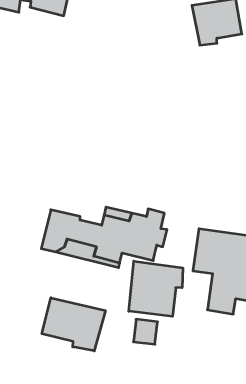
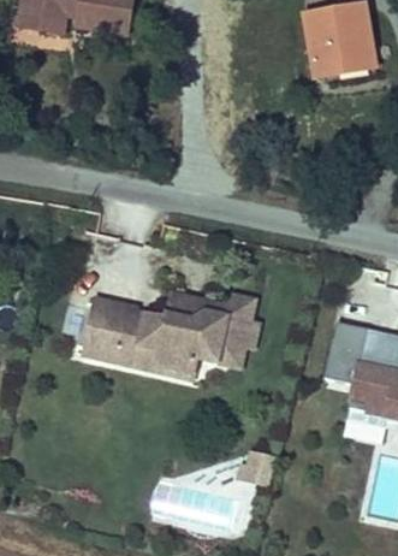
building: [129,261,183,316] -> none
building: [42,298,105,351] -> none

